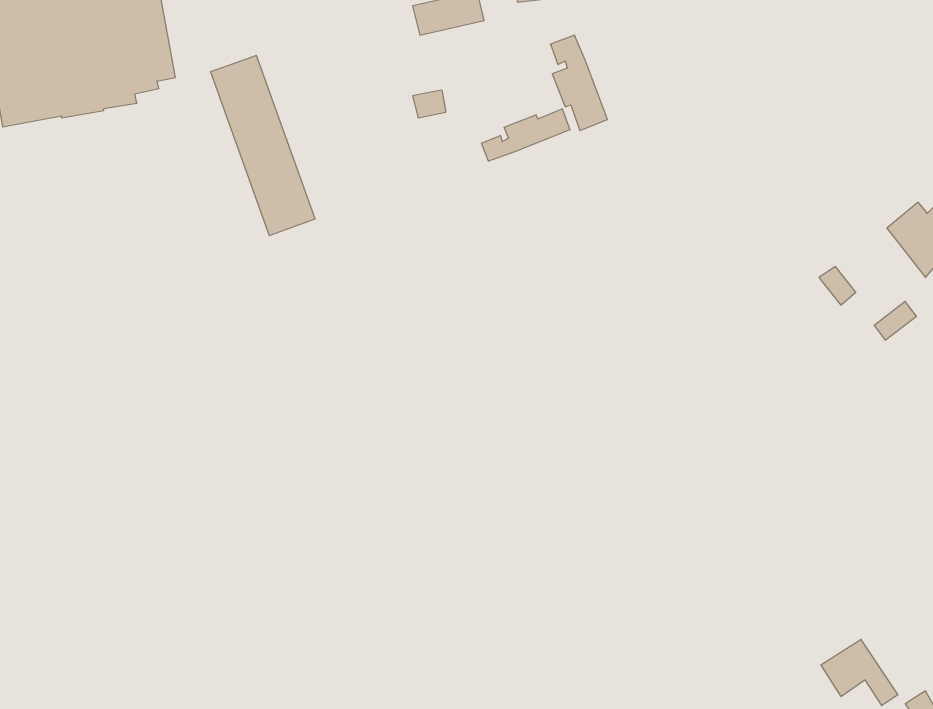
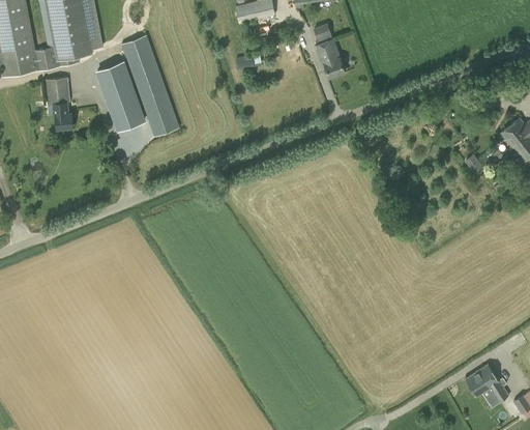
building: none -> [96,62,142,130]
building: [481,109,570,161] -> none
building: none -> [46,77,73,127]

